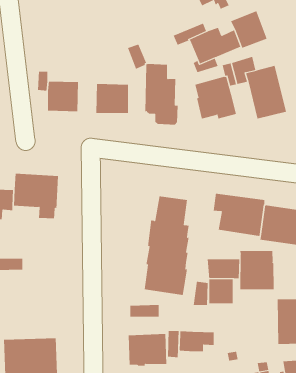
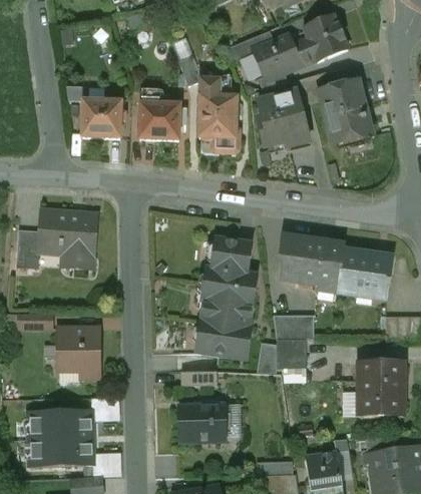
building: [240,250,274,290] -> none
building: none -> [57,326,99,376]
building: [179,331,214,352] -> none

